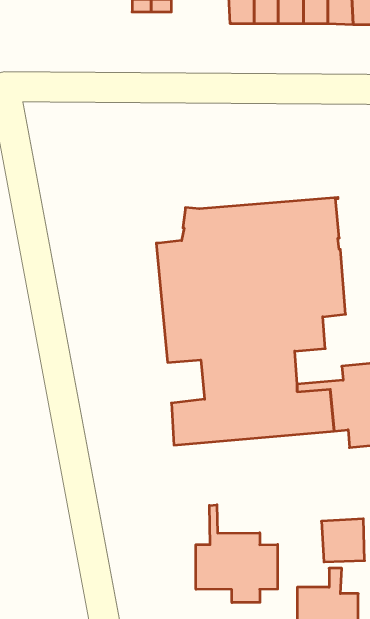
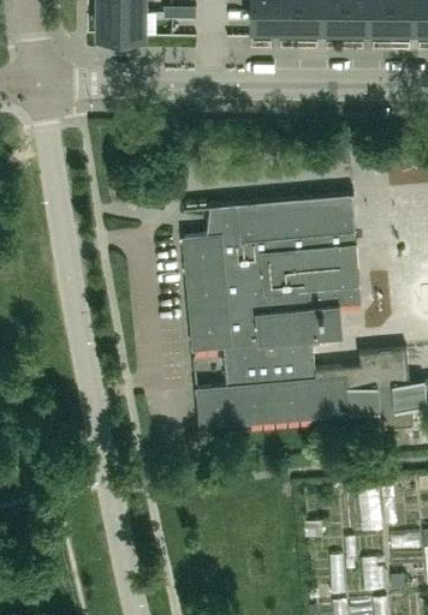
building: none -> [99,14,144,37]
building: [196,505,278,603] -> none

